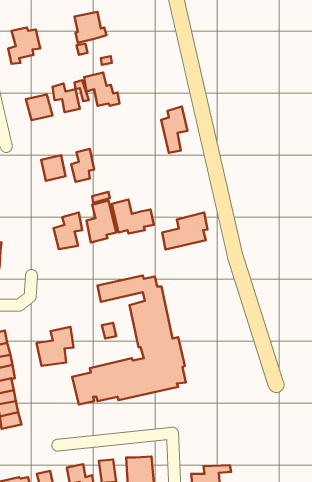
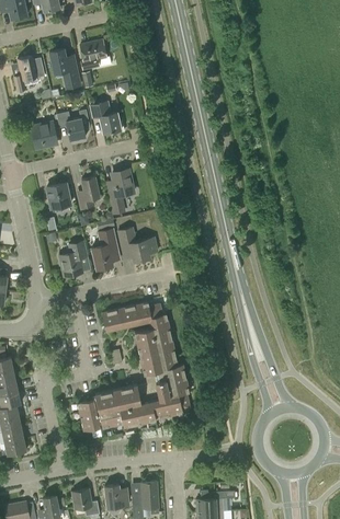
building: none -> [50,48,82,90]
building: [161,106,187,153] -> [106,169,133,215]
building: [162,212,207,249] -> none
building: [36,327,74,366] -> none

